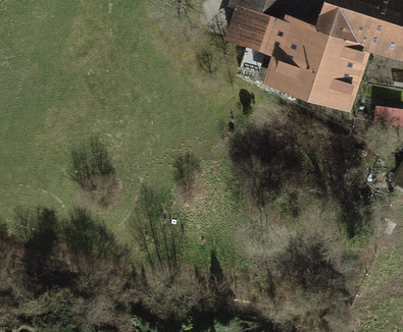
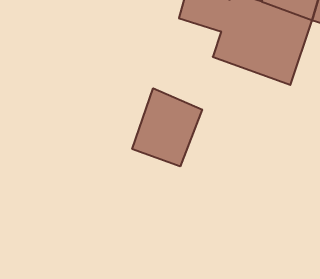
building: none -> [132,88,202,166]

